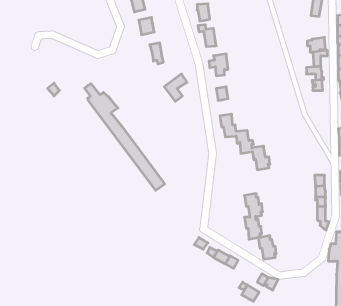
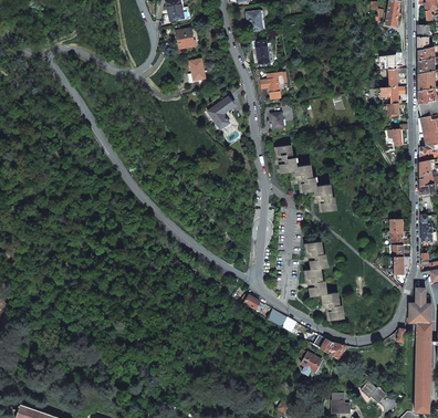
building: [85,84,165,190] -> none

